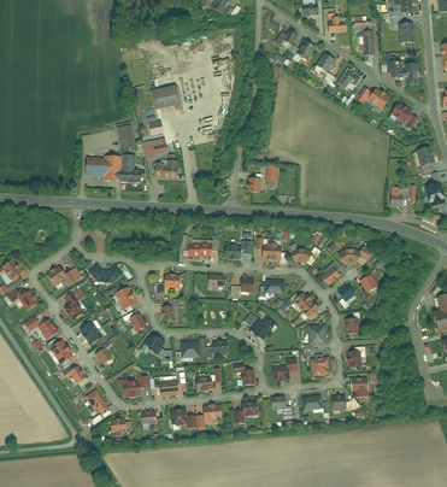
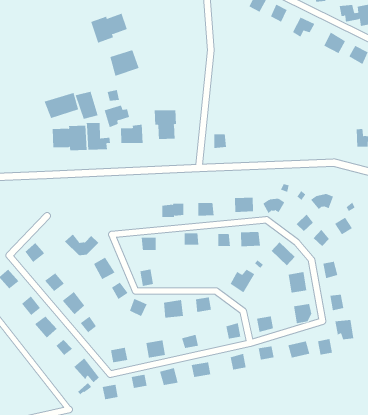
building: none -> [91,13,128,43]
building: none -> [44,92,79,119]
building: none -> [154,109,177,140]

